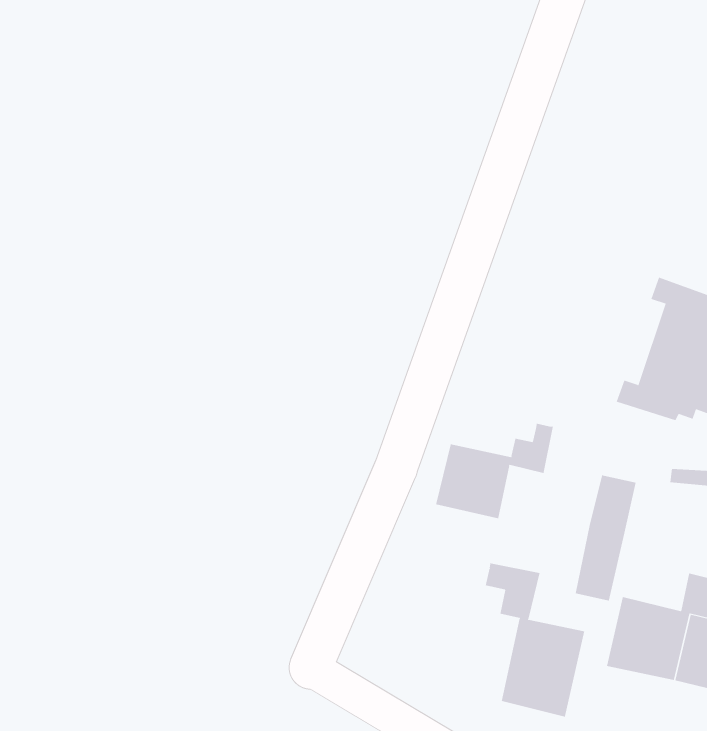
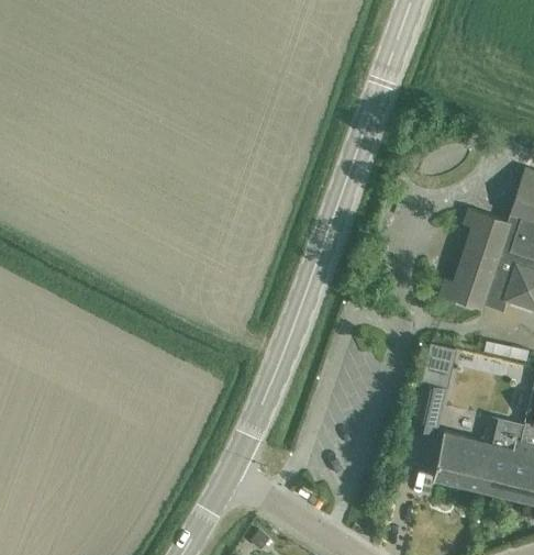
building: [436,423,554,519] -> none
building: [485,562,585,718] -> none

